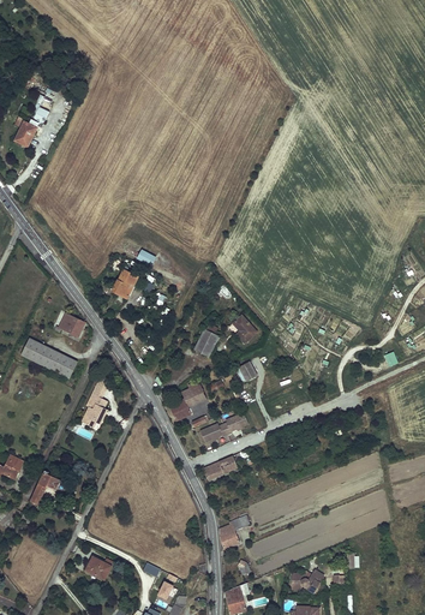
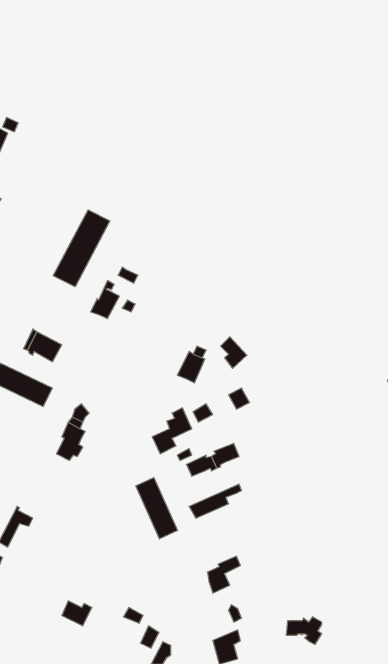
building: none -> [53,210,110,287]
building: none -> [136,478,177,539]

